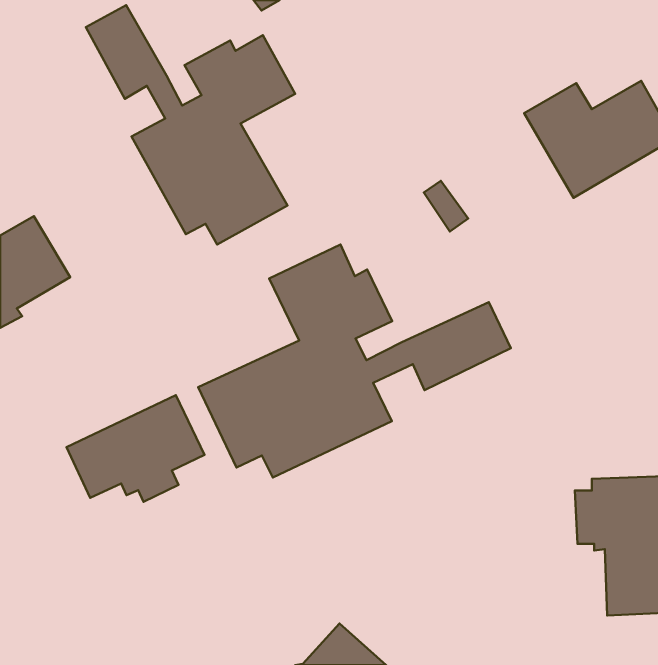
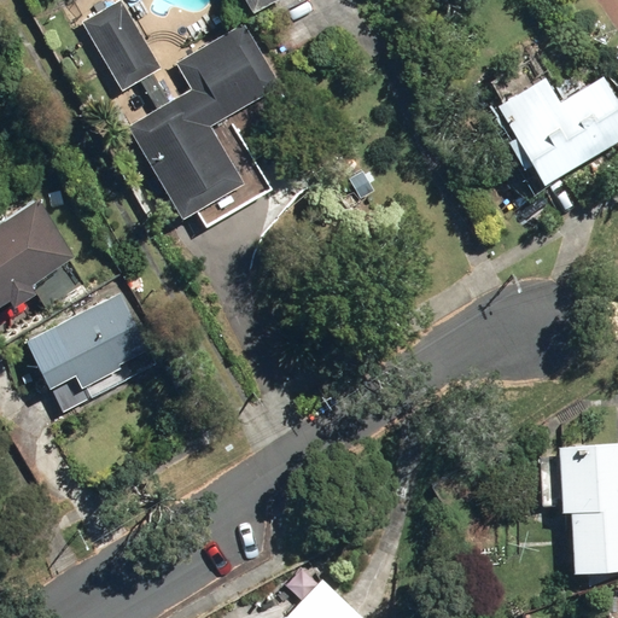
building: [198,244,511,477] -> none
building: [67,395,204,502] -> [23,293,151,392]

